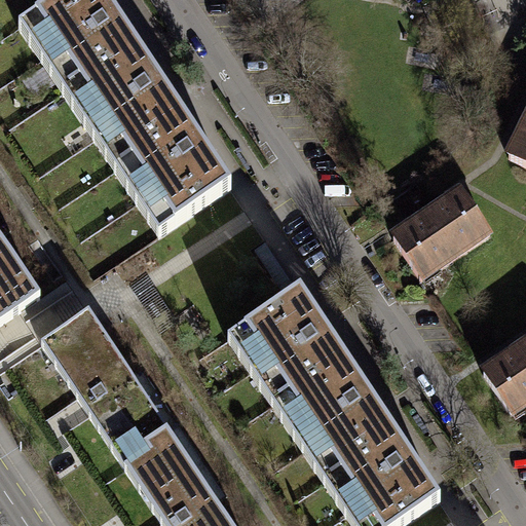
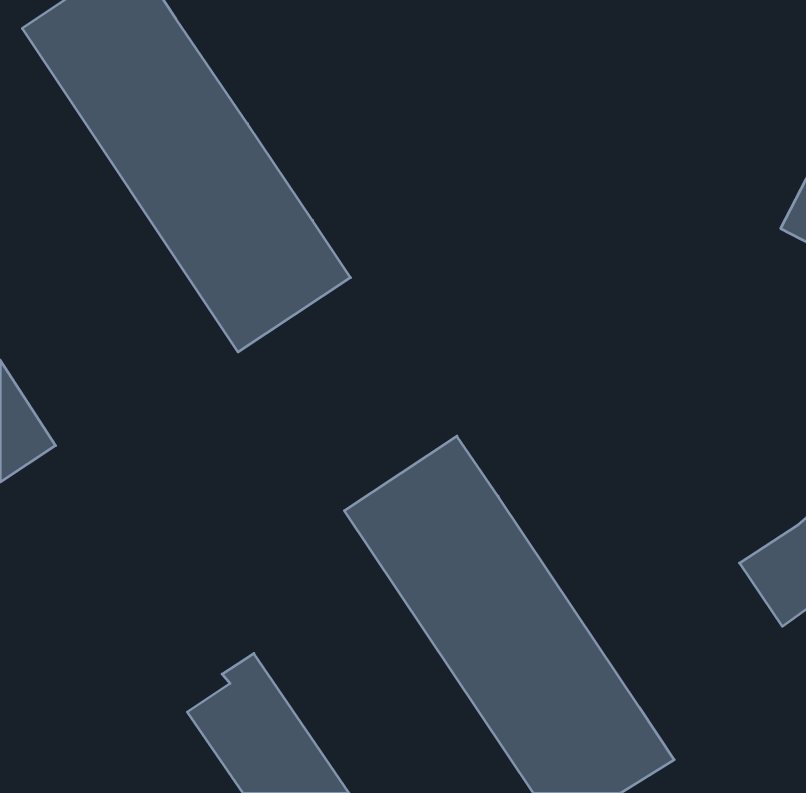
building: [391,184,488,271] -> none
building: [40,303,167,461] -> none

